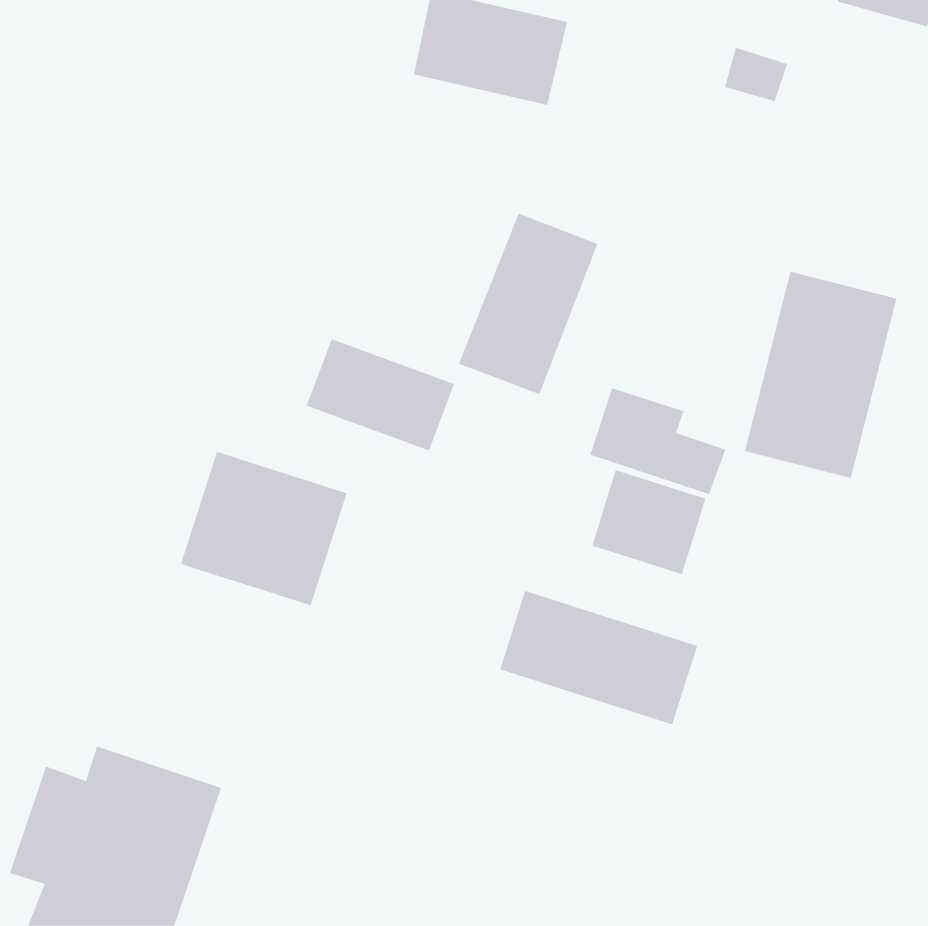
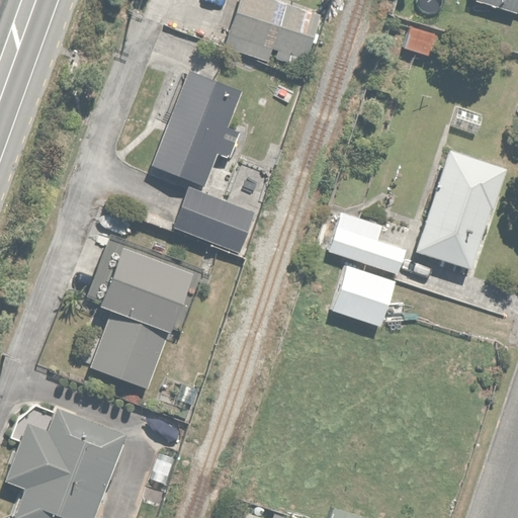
building: [458,213,598,395] -> [159,77,237,178]
building: none -> [92,317,169,390]
building: [499,590,698,725] -> none

